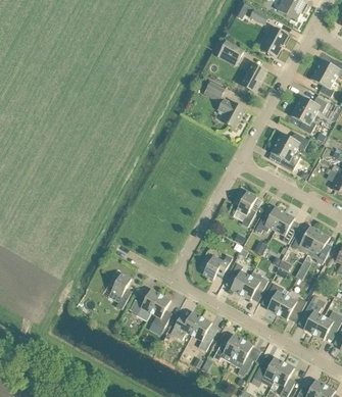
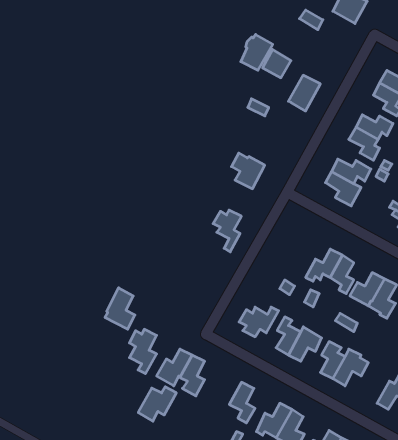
building: [261,28,288,57] -> [241,34,273,70]
building: [217,99,245,129] -> [231,153,265,189]
building: [233,192,256,227] -> [213,210,241,252]
building: none -> [105,288,135,329]
building: [303,295,325,335] -> none
building: [169,312,201,341] -> [138,387,176,421]

